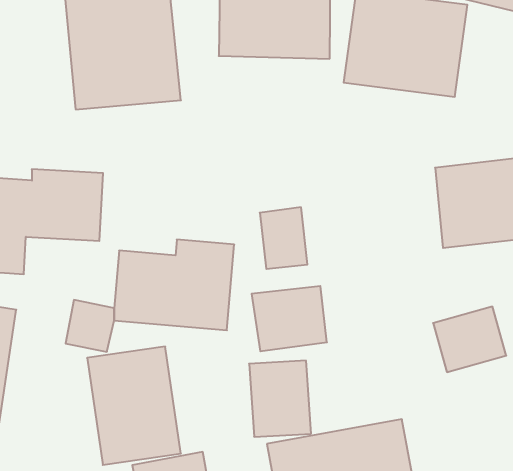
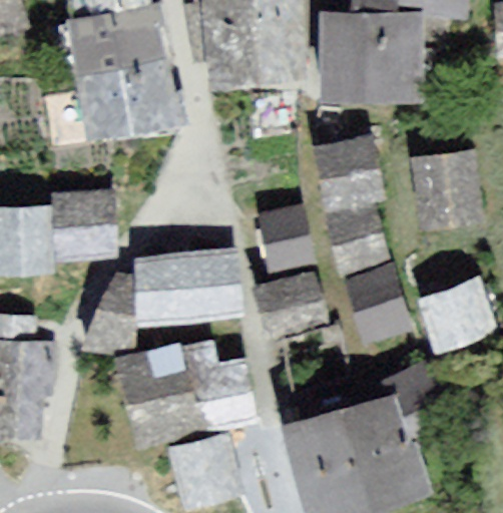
building: none -> [315,131,419,347]
building: [249,361,311,437] -> [195,362,256,433]

